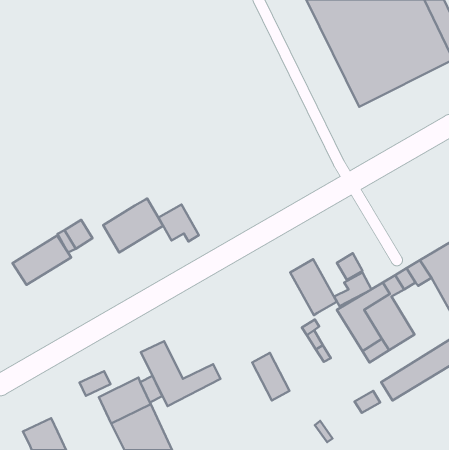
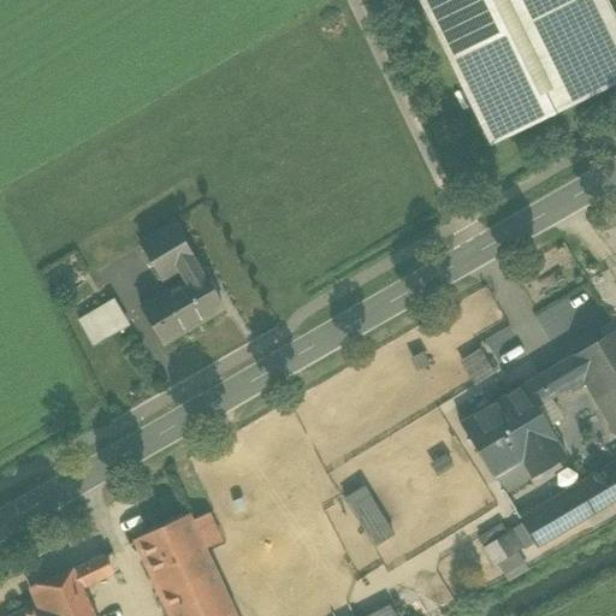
building: [158,204,199,241] -> [146,230,201,280]
building: [12,236,71,285] -> none
building: [290,259,337,315] -> none
building: [141,341,221,406] -> none
building: [80,371,110,396] -> [72,555,114,588]

